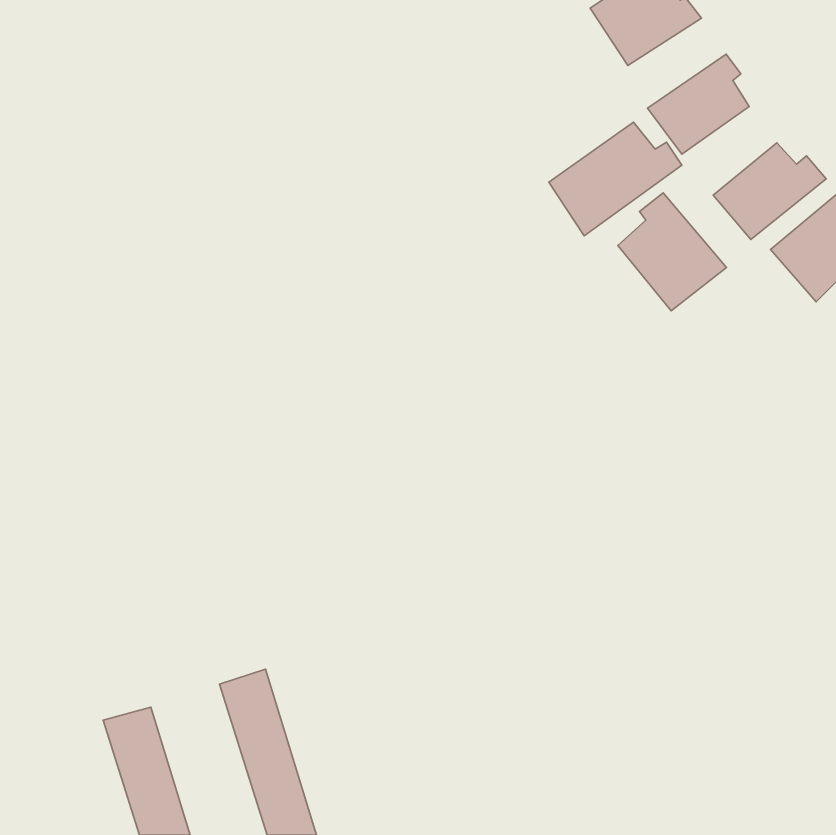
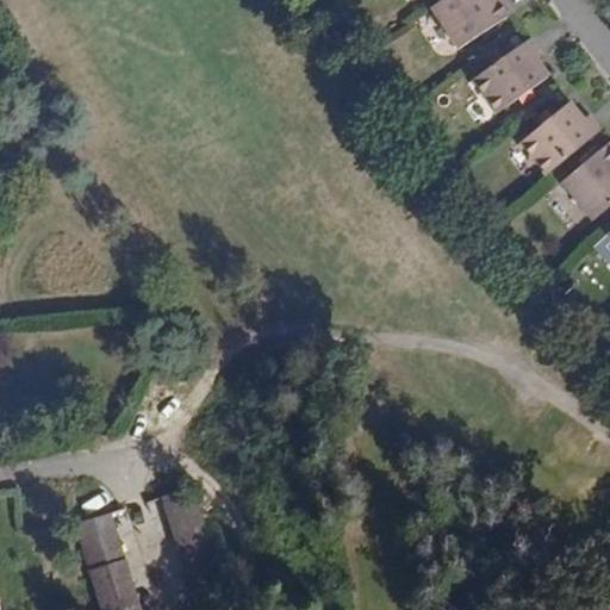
building: [549,122,682,236] -> none
building: [618,193,726,311] -> none

